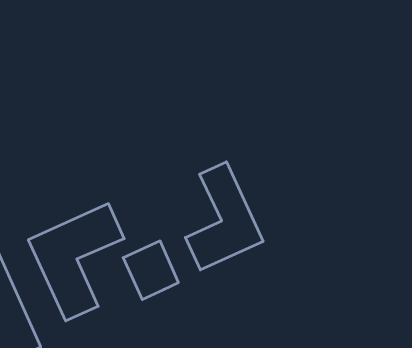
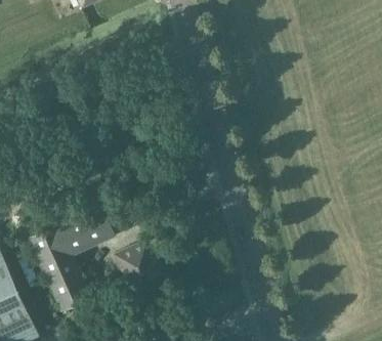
building: [185,162,263,270] -> none

